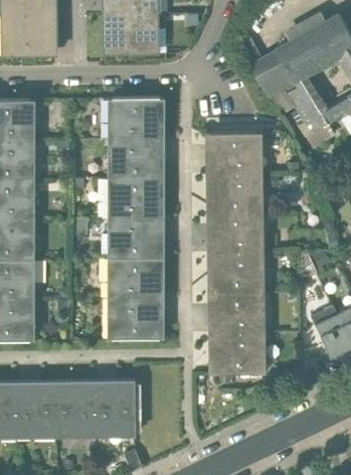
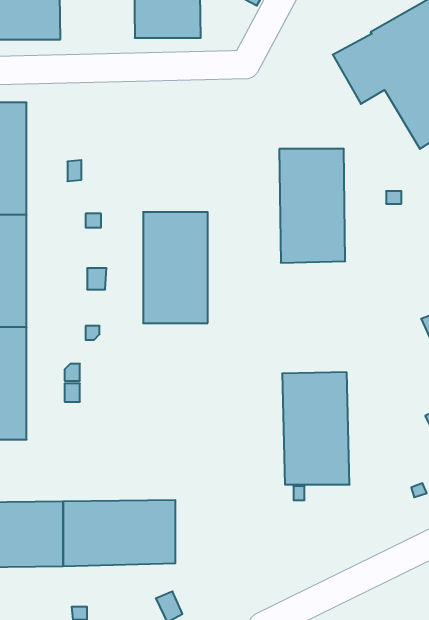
building: [114,98,160,178] -> none
building: [212,213,259,294] -> none
building: [114,258,160,339] -> none

